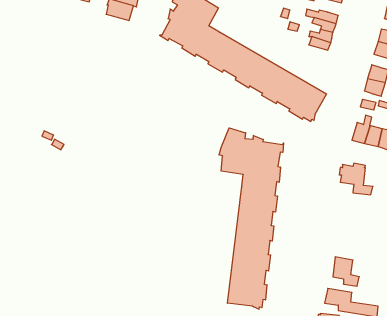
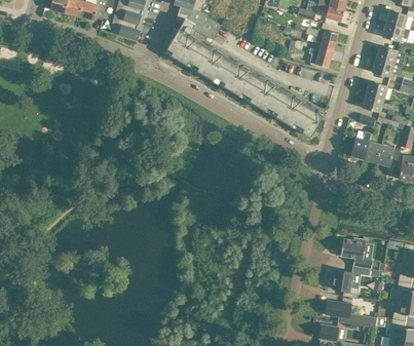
building: [219,128,284,309] -> none
building: [339,163,373,195] -> [339,237,372,268]

